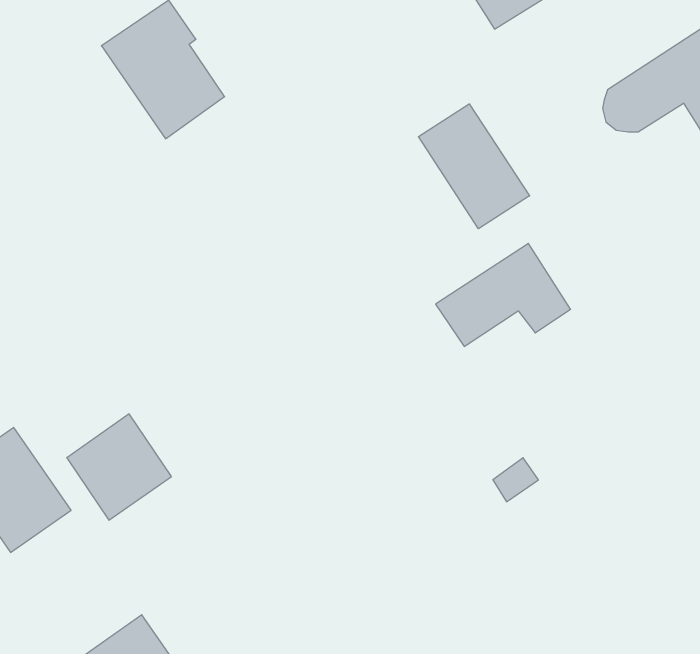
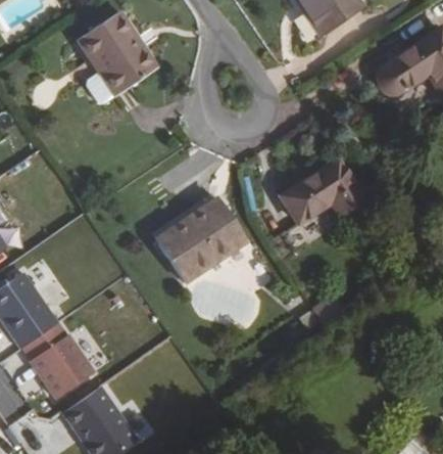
building: [418,104,530,229] -> none
building: none -> [156,196,245,282]
building: [67,414,171,520] -> [31,334,94,399]

